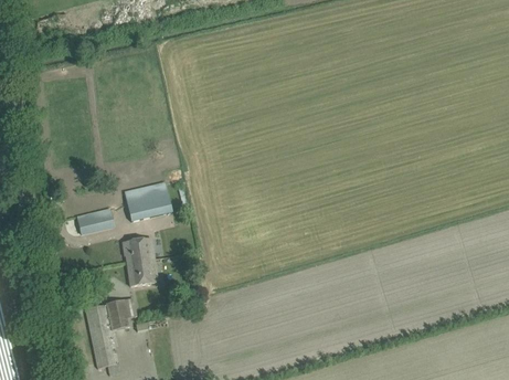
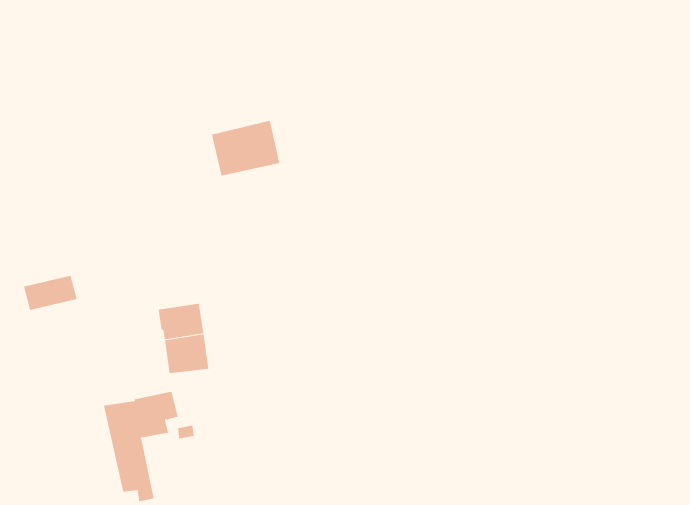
building: [124,180,171,219] -> [211,120,280,176]
building: [76,207,114,231] -> [23,275,78,310]

